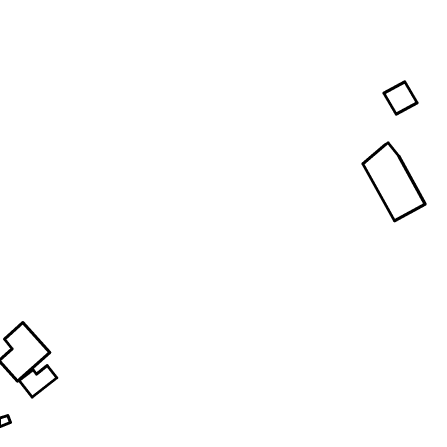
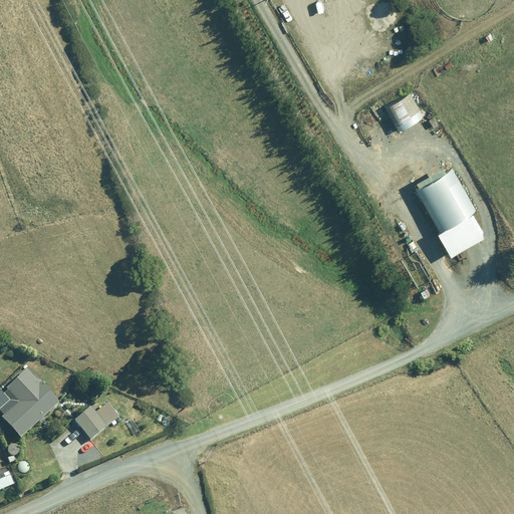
building: [384,82,417,114] -> [384,92,423,130]
building: [19,365,57,397] -> [74,403,117,439]

